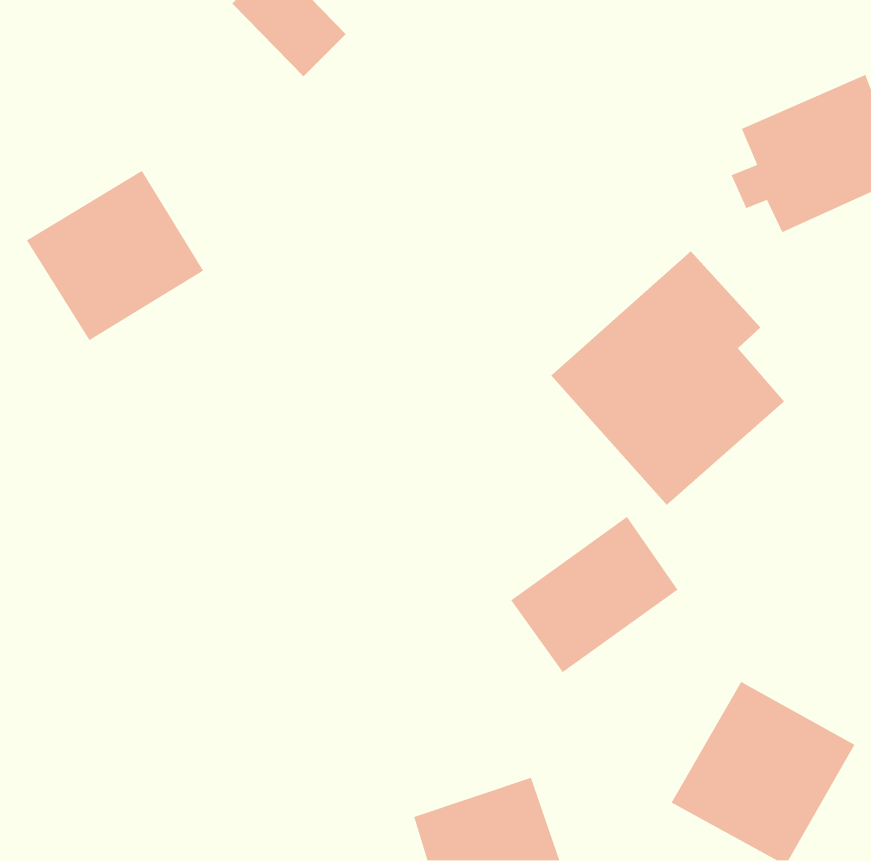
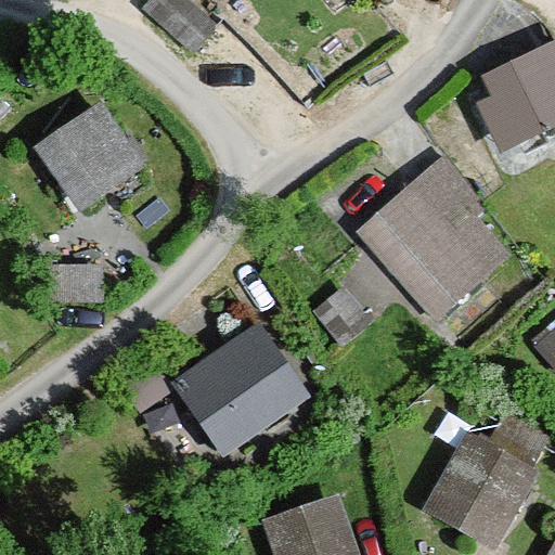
building: [510,516,678,673] -> none
building: none -> [182,327,313,453]

